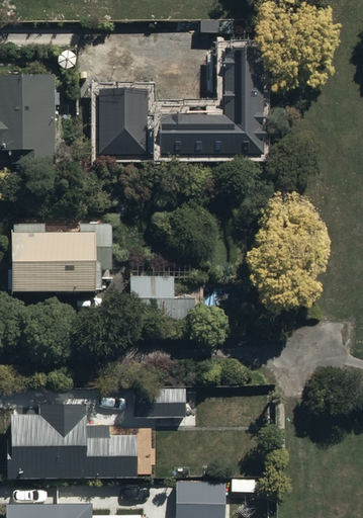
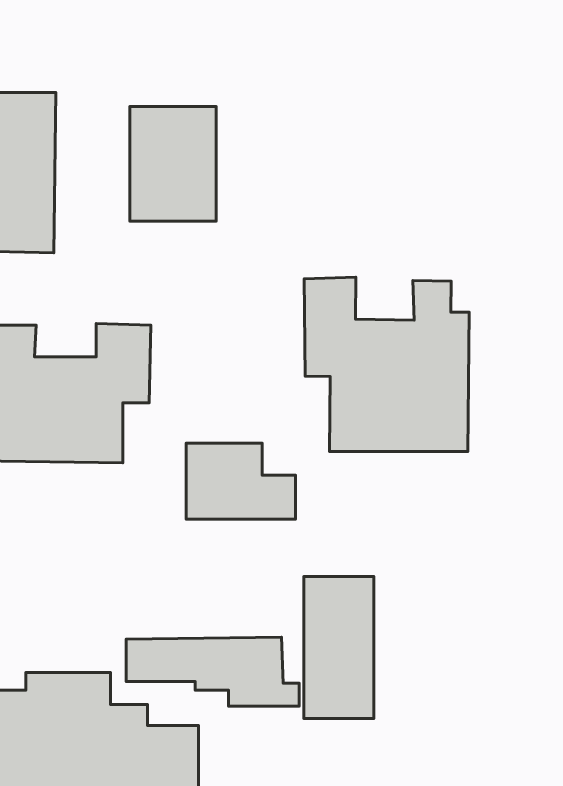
building: [162,42,264,150] -> none
building: none -> [304,277,469,452]
building: none -> [304,576,374,718]

